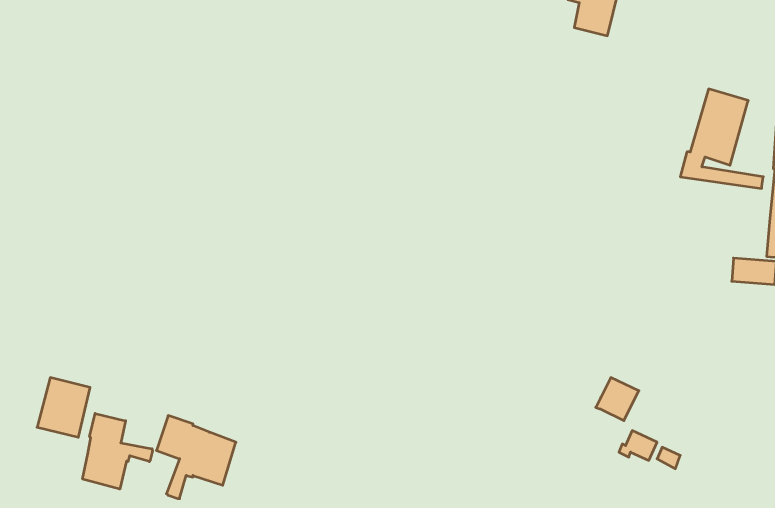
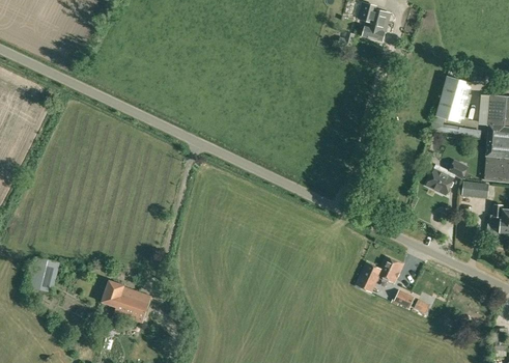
building: none -> [426,160,469,195]
building: none -> [356,262,379,292]
building: [83,413,152,489] -> none

